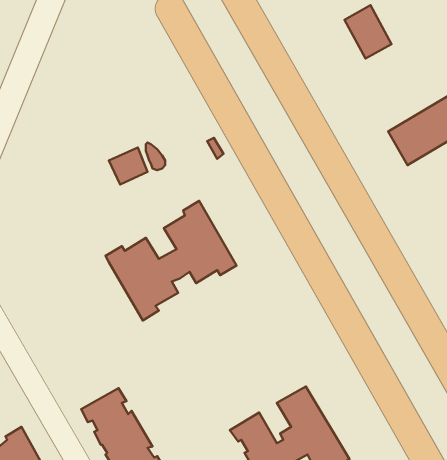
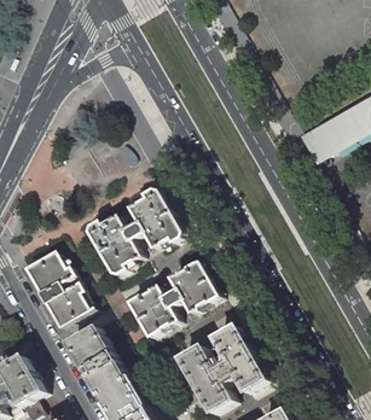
building: none -> [22,251,87,327]
building: none -> [127,261,218,337]

